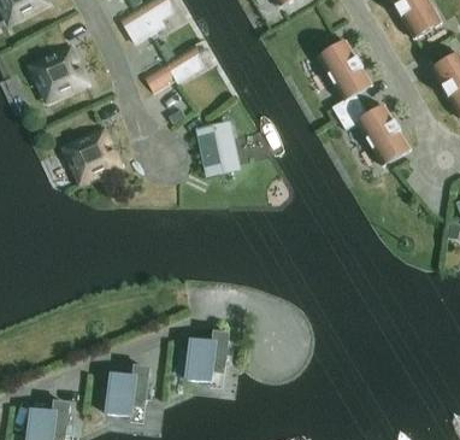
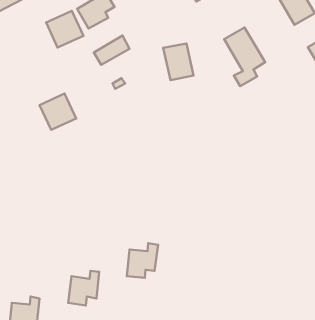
building: [34,47,84,96] -> [46,11,83,47]
building: [338,105,408,164] -> none
building: [196,123,237,172] -> [163,43,194,80]

